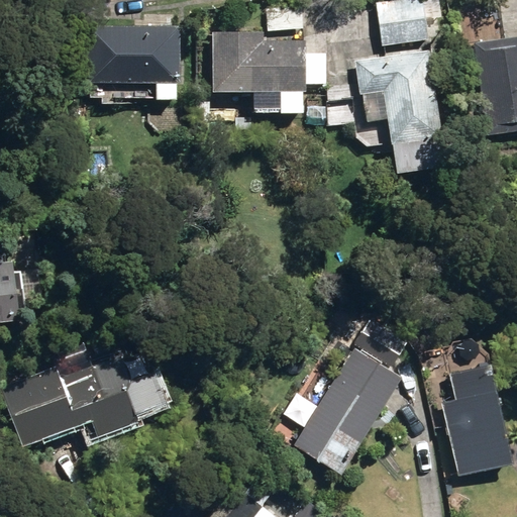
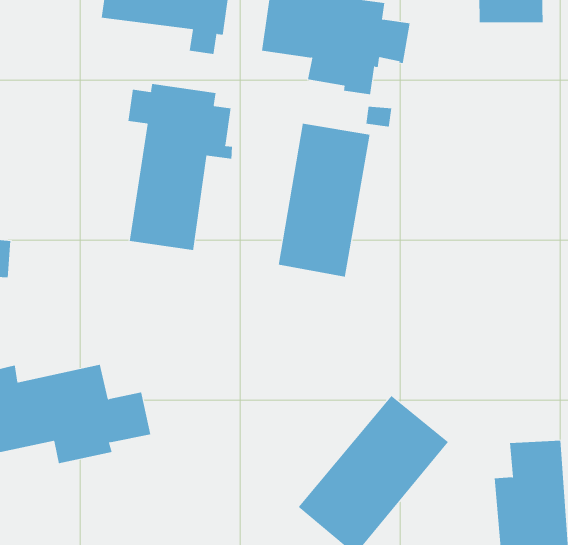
building: [358,50,446,170] -> none
building: none -> [128,83,233,251]
building: none -> [278,123,370,277]

